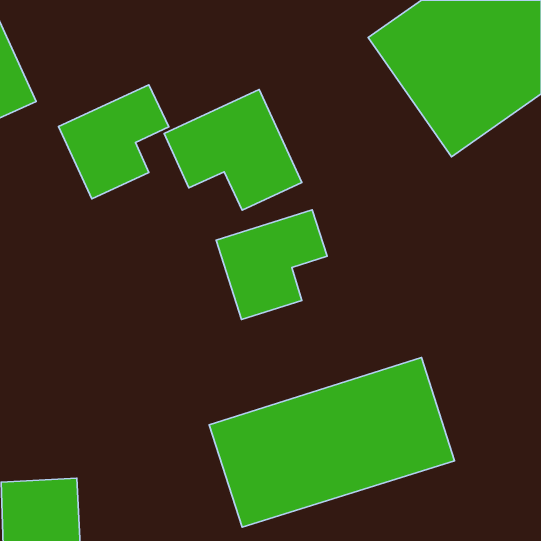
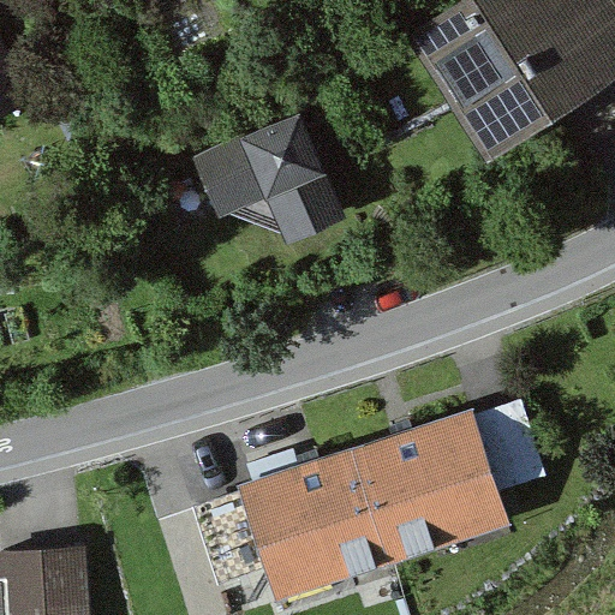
building: [58,85,169,199] -> none
building: [216,210,327,320] -> none

